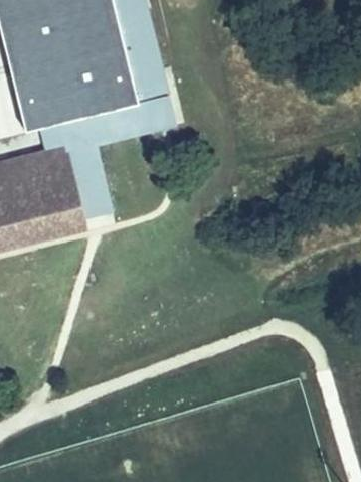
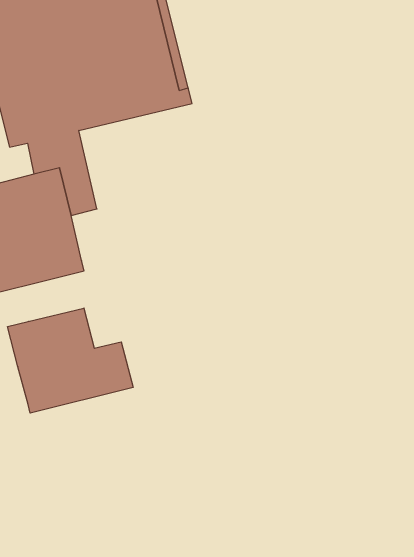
building: [72,97,173,219] -> none
building: none -> [8,308,133,413]

